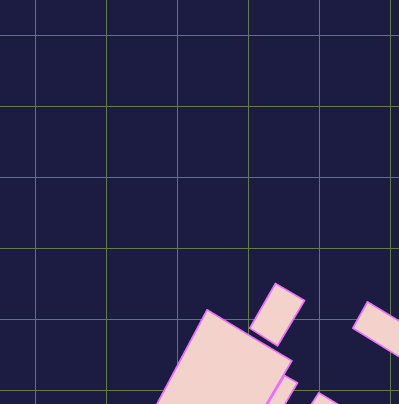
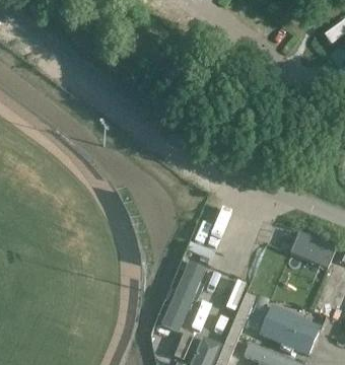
building: [250,284,305,346] -> none

